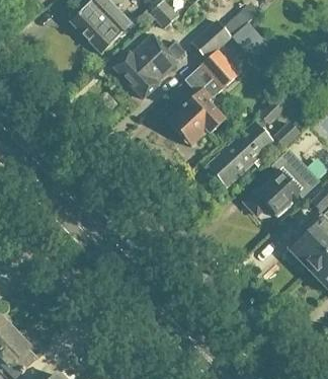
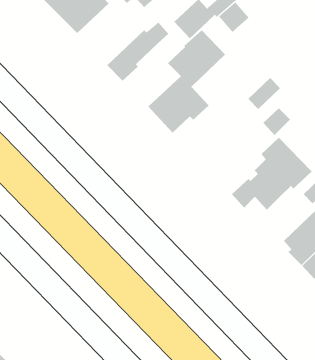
building: [114,33,164,81] -> none
building: [209,123,271,183] -> none

